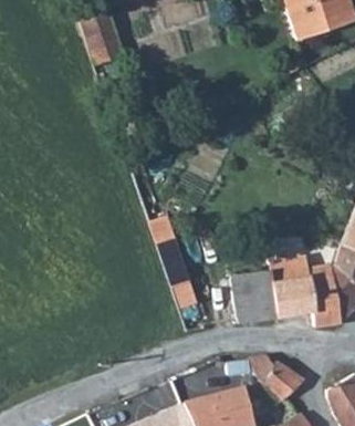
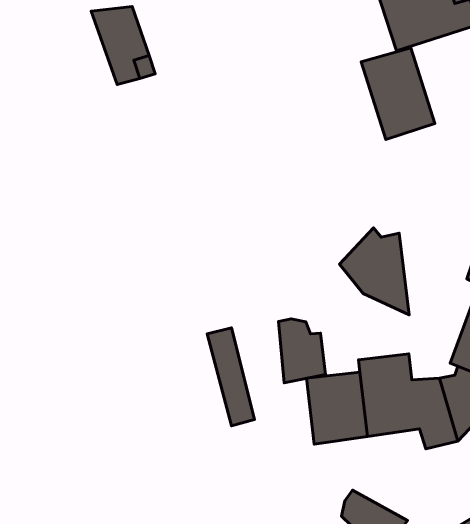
building: none -> [361,48,435,139]
building: none -> [340,228,409,315]
building: none -> [278,319,325,383]

